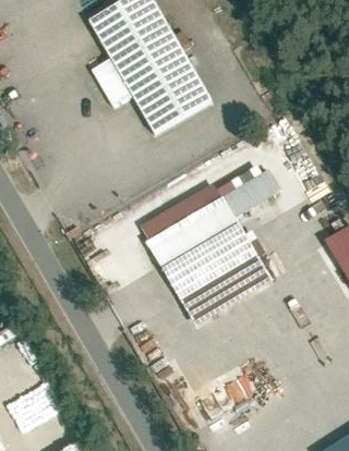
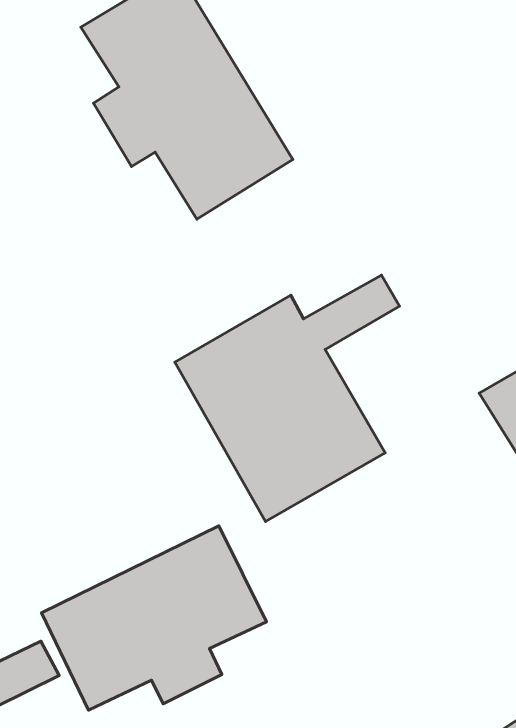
building: none -> [42,526,267,710]

